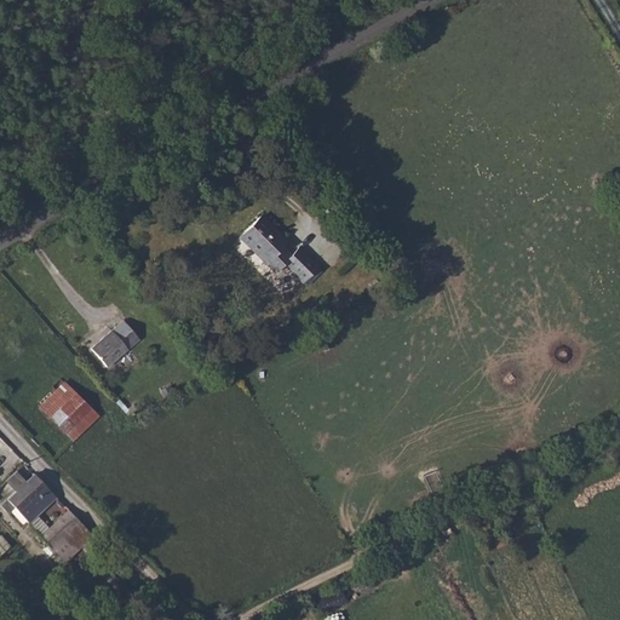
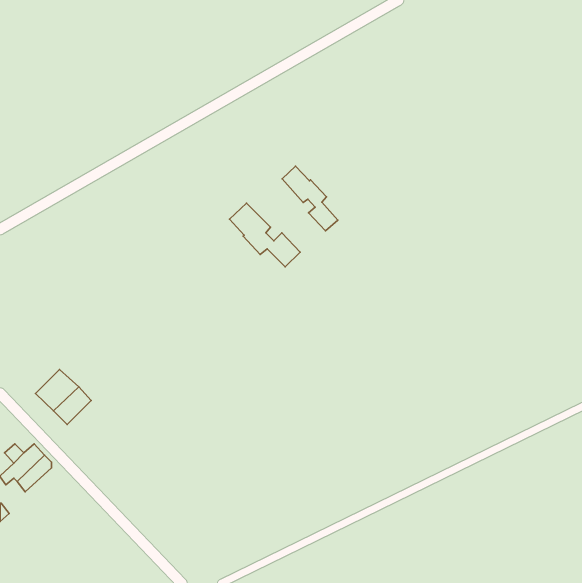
building: none -> [282,166,338,231]
building: [90,320,140,368] -> none
building: [42,505,96,558] -> none

